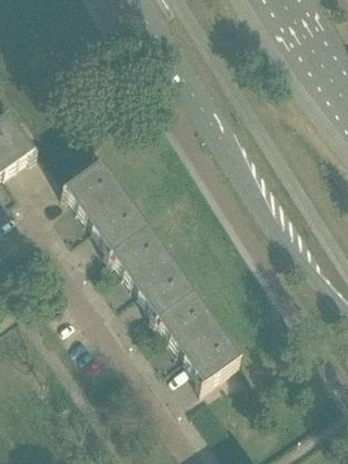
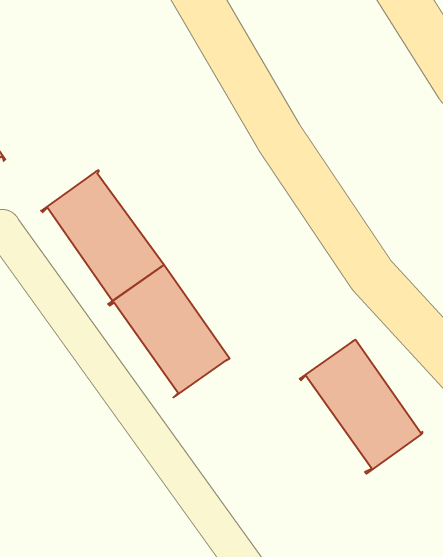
building: [152,291,238,385] -> [300,340,422,474]

